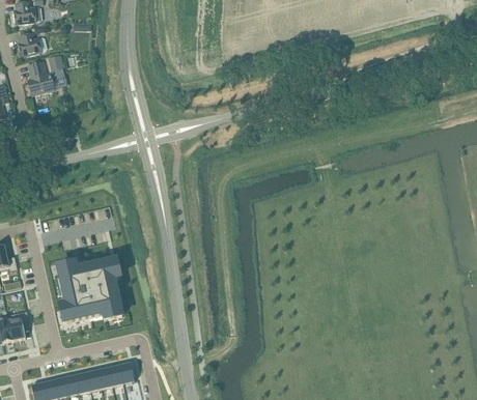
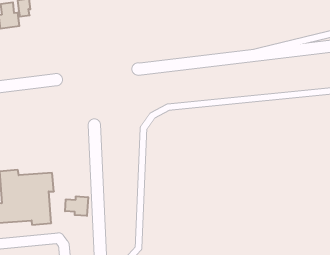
building: none -> [65,196,88,216]

